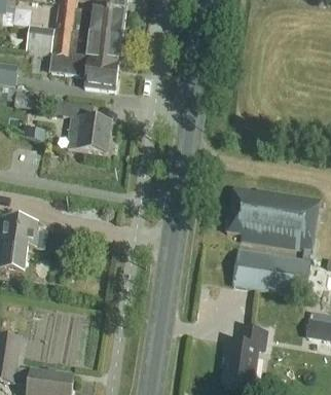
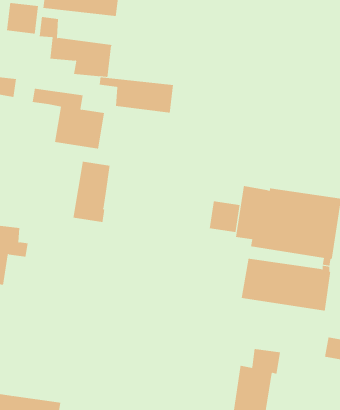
building: [57,29,122,61] -> [99,77,174,113]
building: none -> [73,161,110,223]
building: none -> [209,201,240,233]

